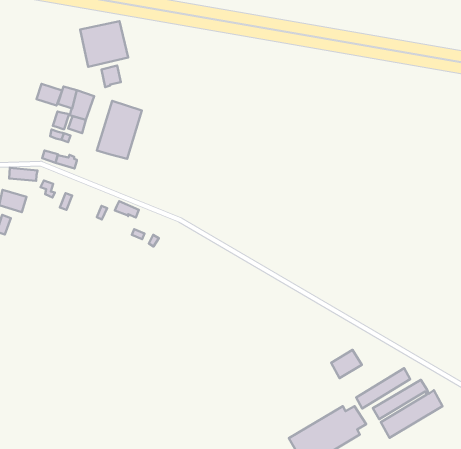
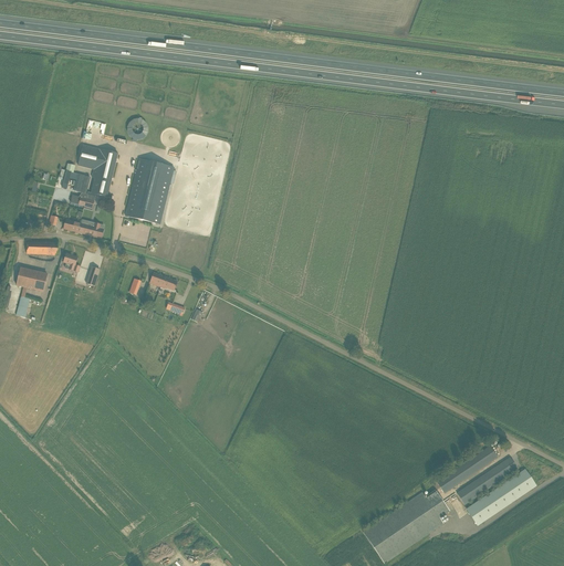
building: [80,21,128,67] -> none
building: [37,84,62,106] -> none
building: [331,350,362,378] -> none

